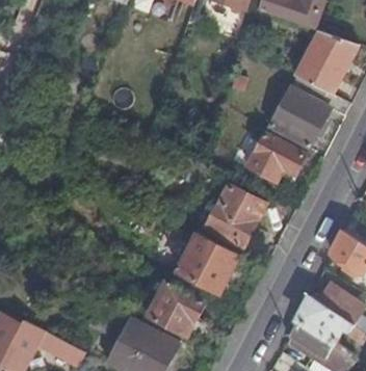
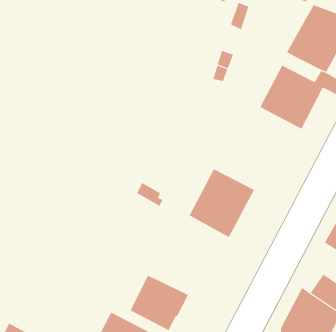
building: [249,134,306,182] -> none
building: [178,233,239,292] -> none

